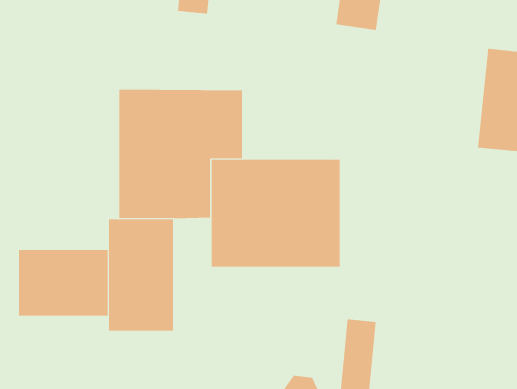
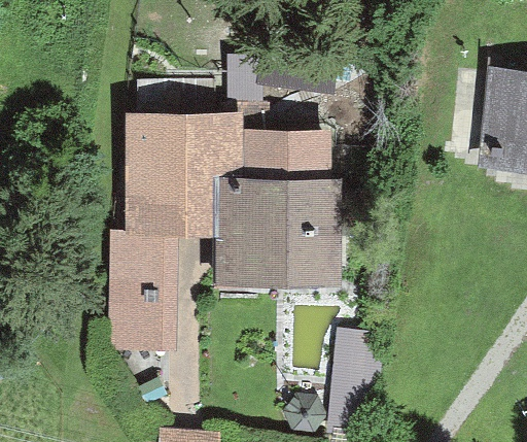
building: none -> [246,128,333,179]
building: [18,249,108,317] -> none

